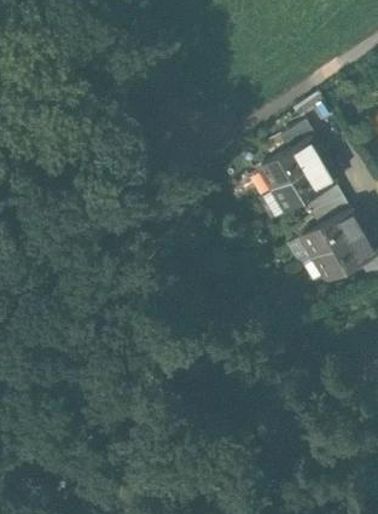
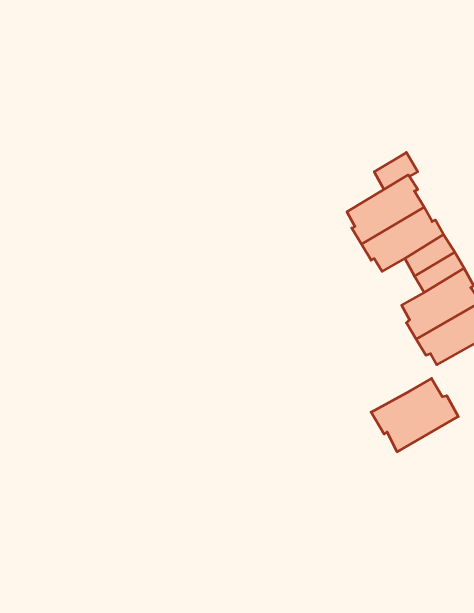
building: none -> [371,378,458,452]

